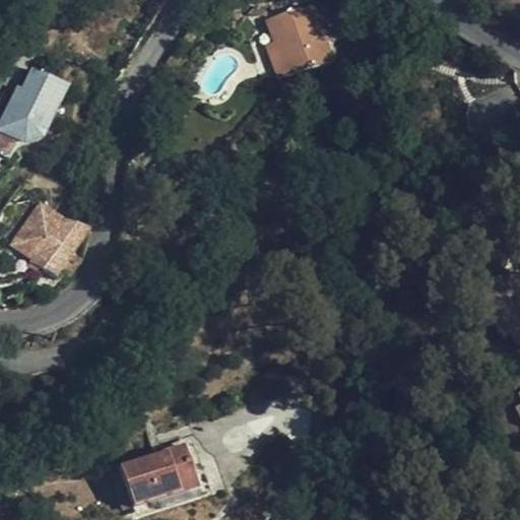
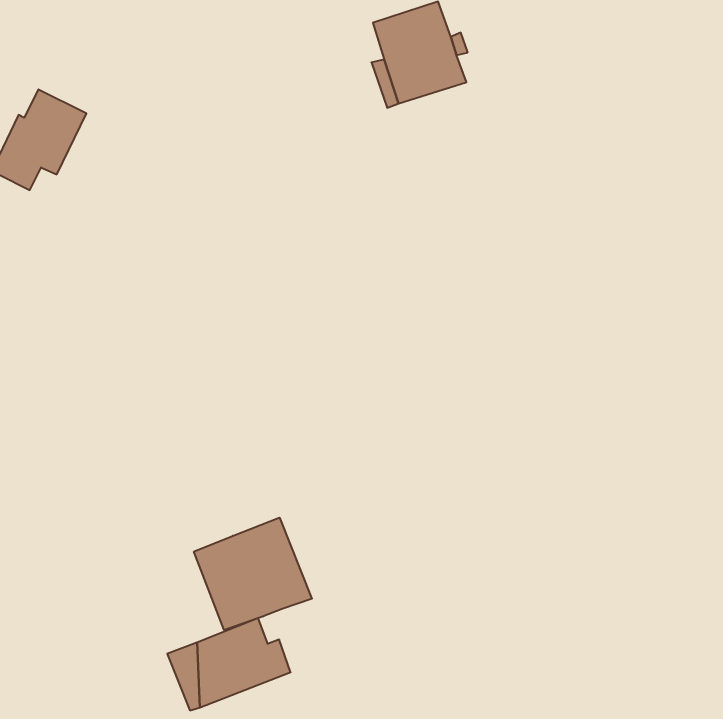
building: [20,216,77,273] -> none
building: none -> [194,518,312,630]

